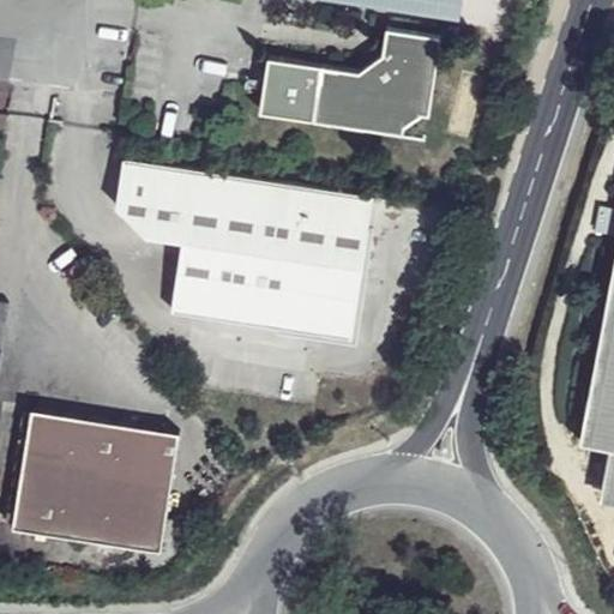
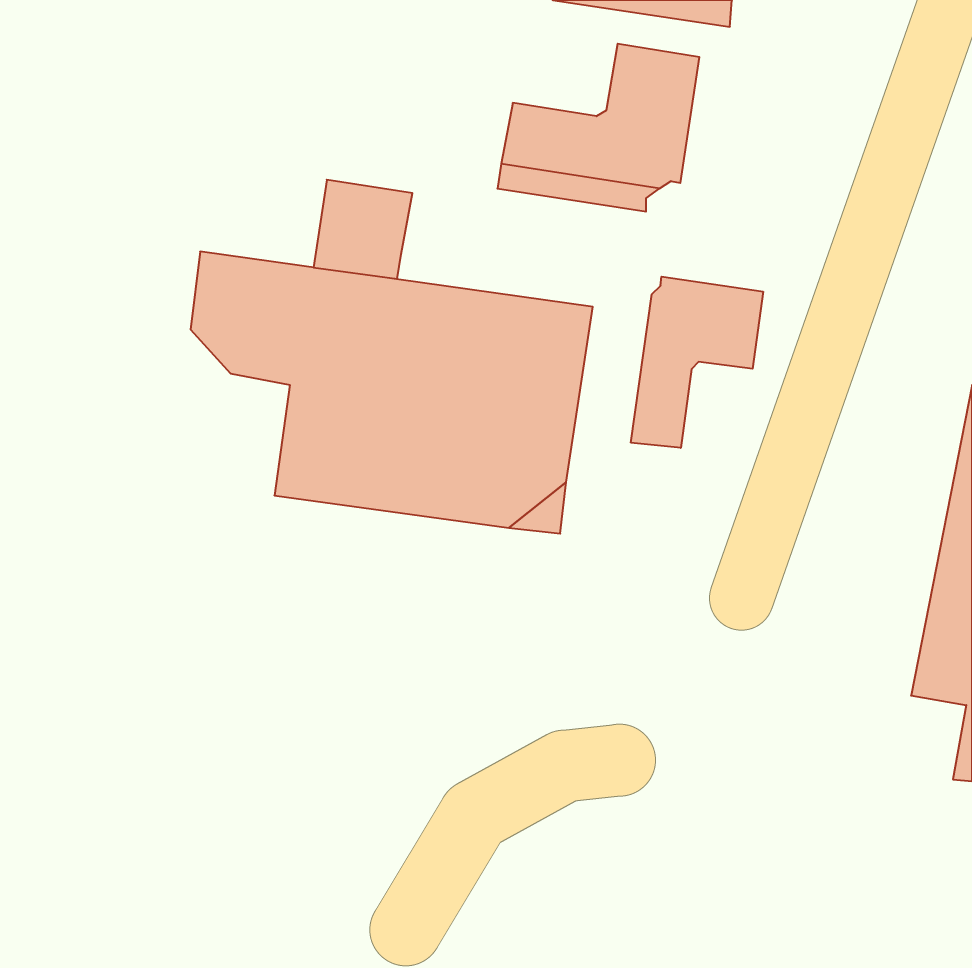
building: [260,60,323,122] -> [313,180,412,279]
building: none -> [631,277,763,448]
building: [14,410,180,549] -> none

